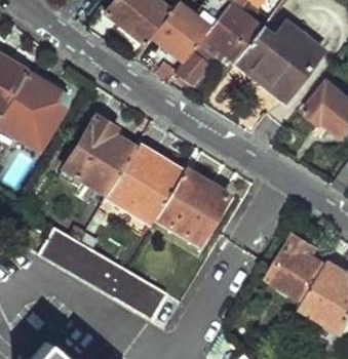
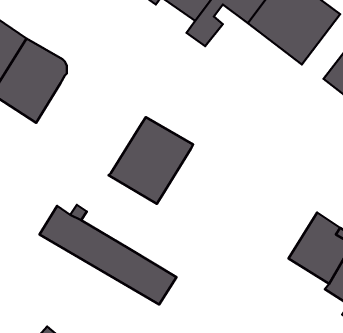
building: [62,118,134,198] -> none
building: [154,175,229,245] -> none

